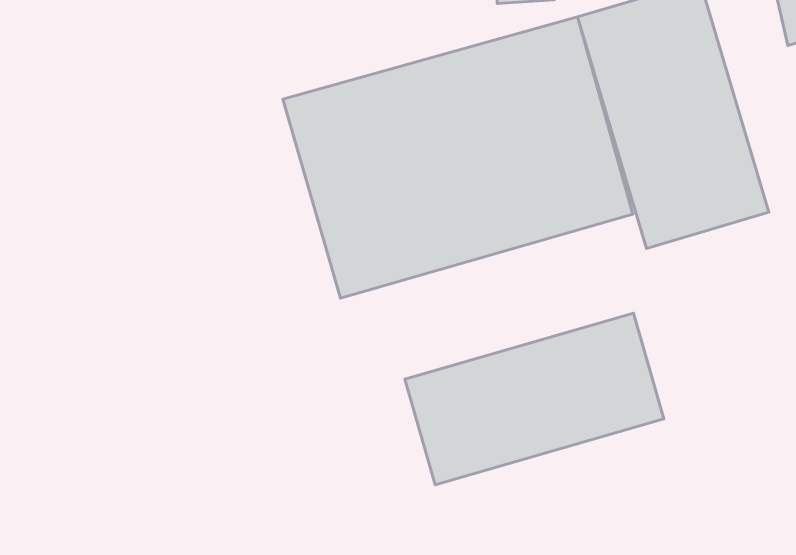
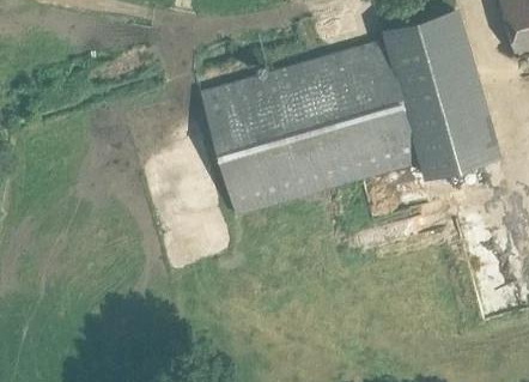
building: [405,313,664,485] -> none

